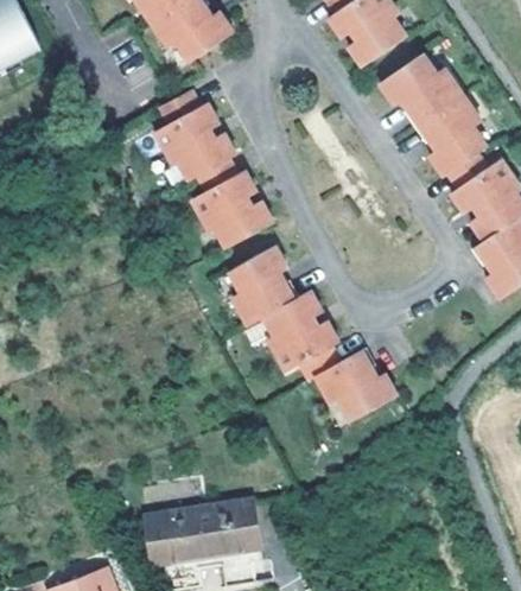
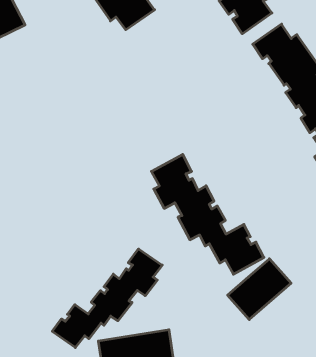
building: [154,88,272,246] -> none
building: none -> [52,249,162,348]
building: none -> [228,259,291,320]

